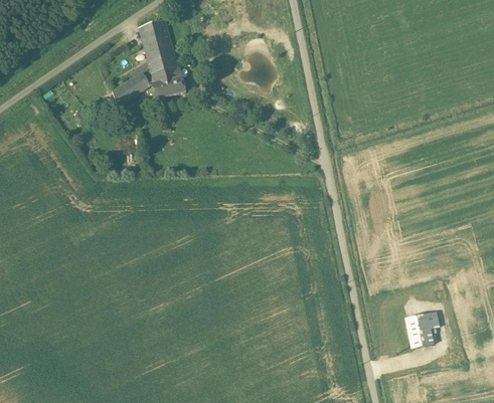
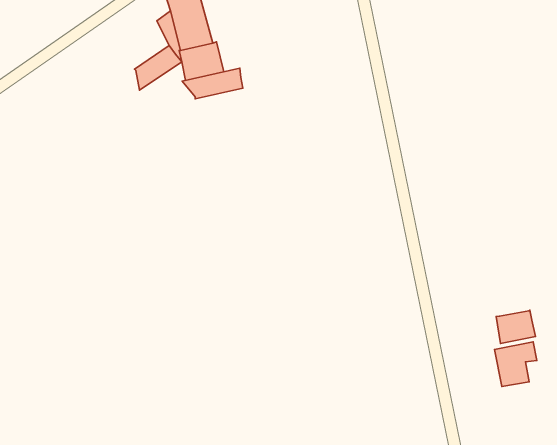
building: none -> [182,68,243,99]
building: none -> [496,310,536,343]

